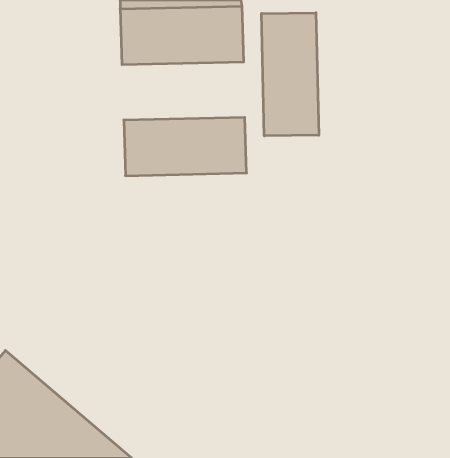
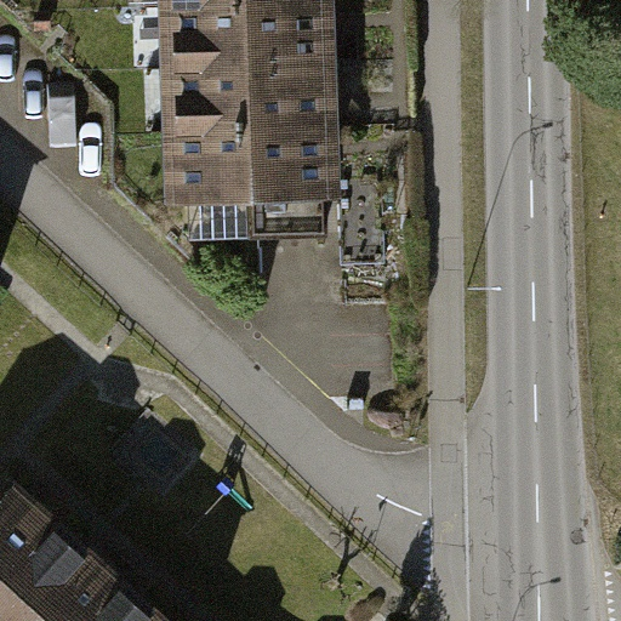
building: [262,13,319,136] -> none
building: none -> [165,84,331,163]

